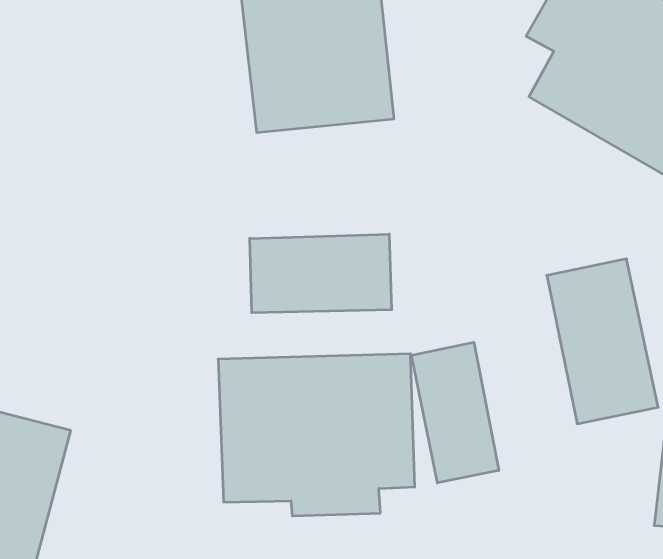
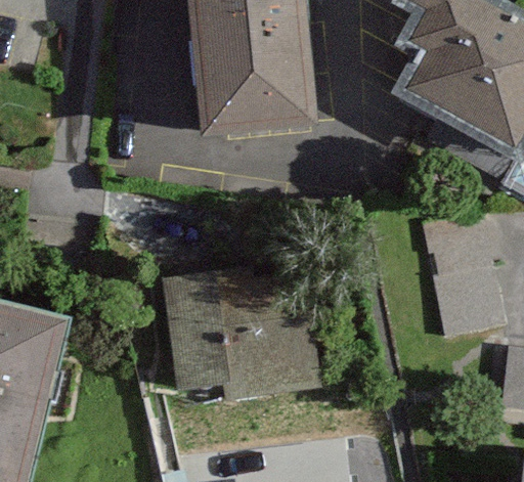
building: [250,234,392,313] -> none
building: [411,342,499,483] -> none

